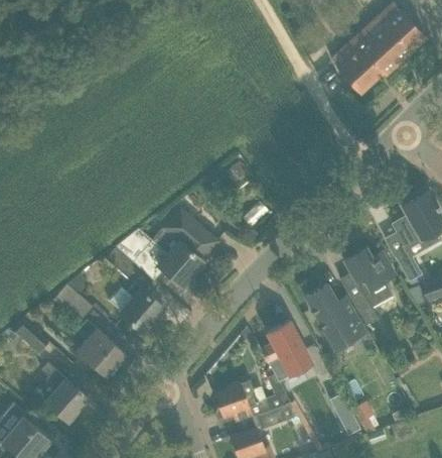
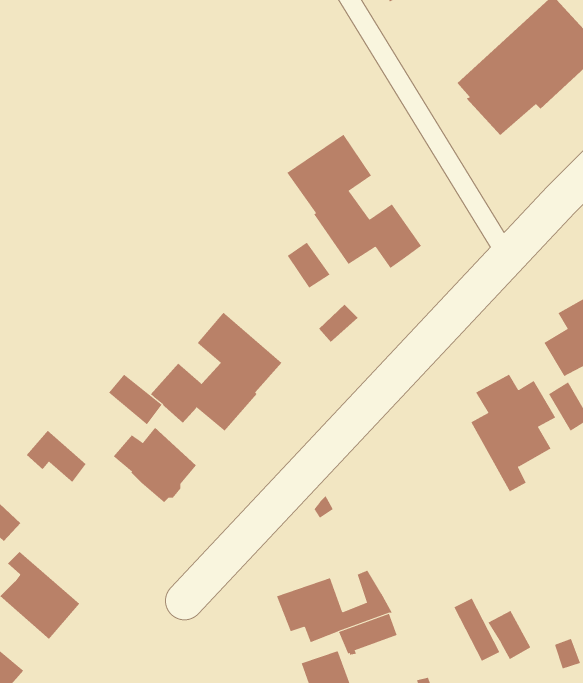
building: none -> [287,134,422,269]
building: [305,285,365,349] -> none
building: [76,320,125,376] -> none
building: [261,322,325,375] -> none

